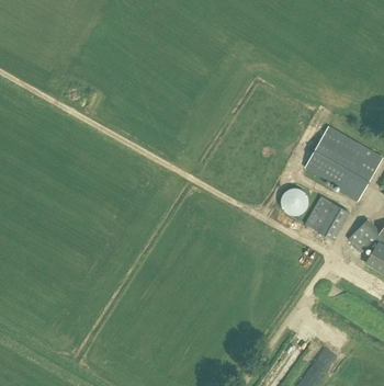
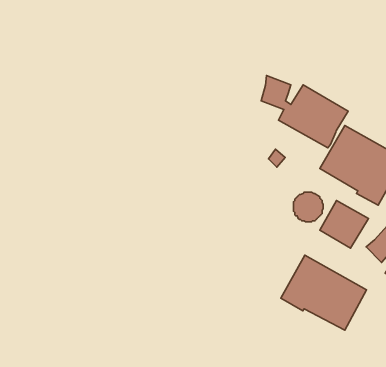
building: none -> [261,76,348,148]
building: none -> [281,255,367,330]

